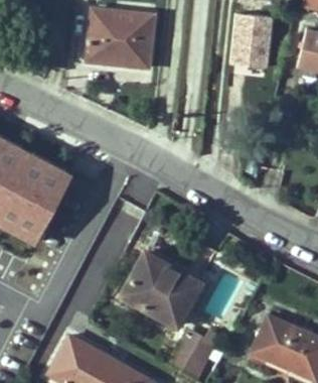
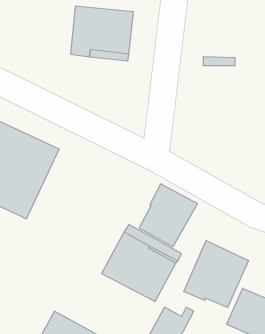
building: [230,11,272,63] -> none
building: none -> [139,184,197,247]
building: none -> [184,241,248,308]

